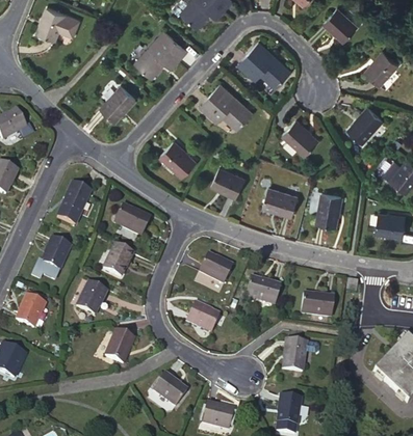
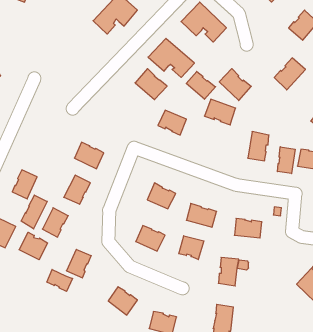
building: [101,84,136,121] -> none
building: none -> [186,71,216,99]
building: [160,140,198,176] -> [135,69,167,100]
building: [55,182,91,226] -> none
building: [262,186,299,216] -> [204,99,236,125]
building: none -> [277,147,295,174]
building: none -> [21,195,47,229]
building: none -> [19,232,48,260]
building: none -> [179,236,204,260]
building: none -> [47,269,73,291]

